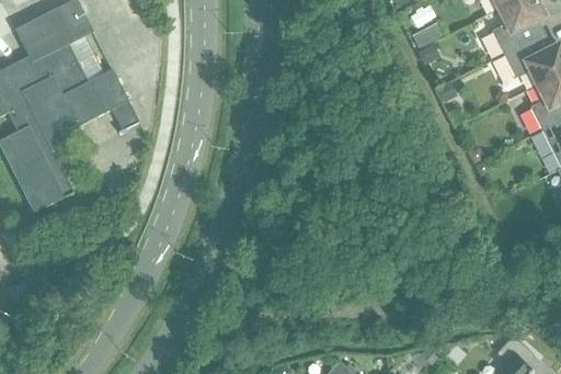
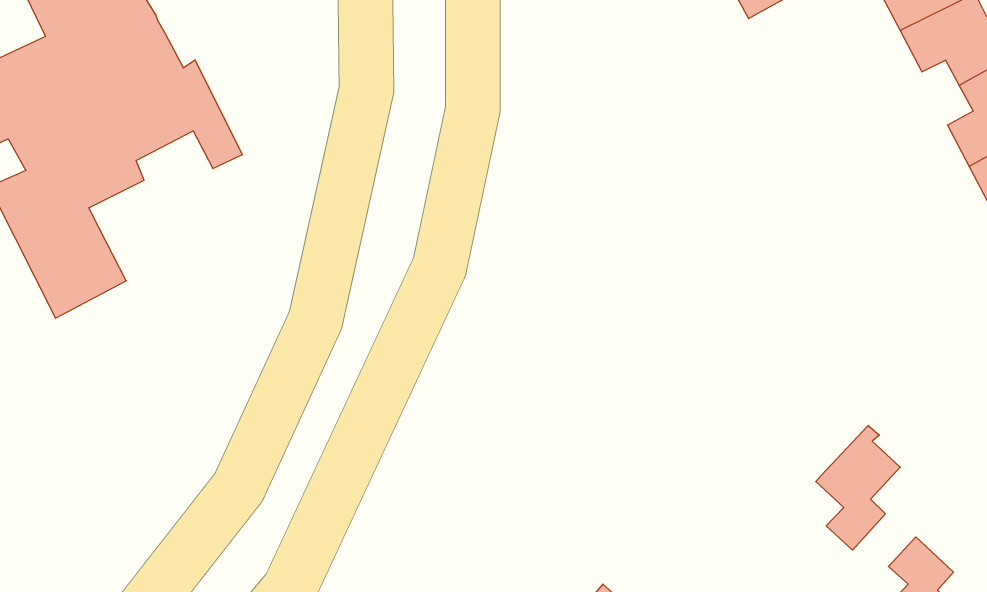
building: none -> [816,425,900,550]

